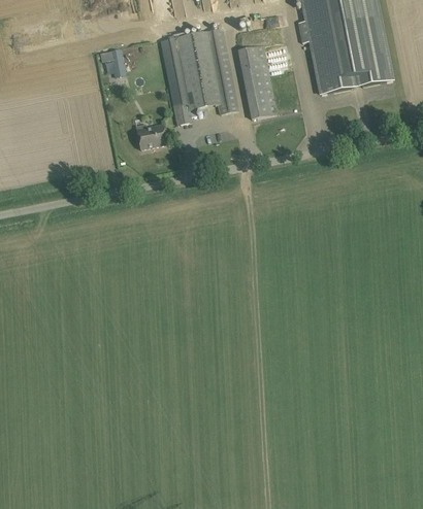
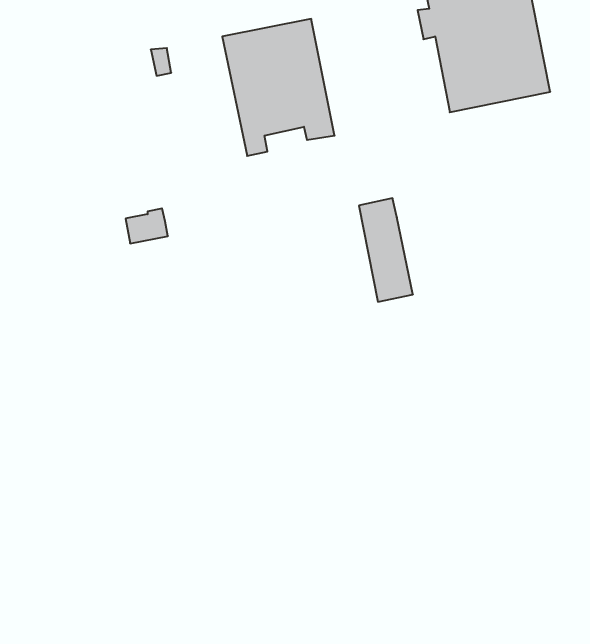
building: [237,43,275,116] -> [359,198,413,302]
building: [136,123,166,147] -> [126,208,168,243]

